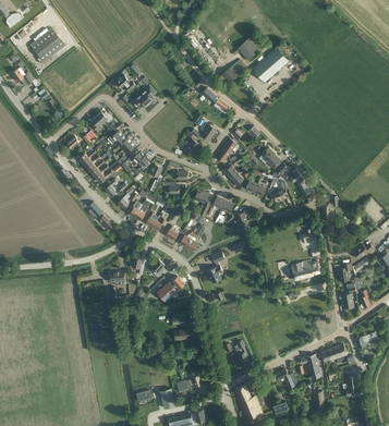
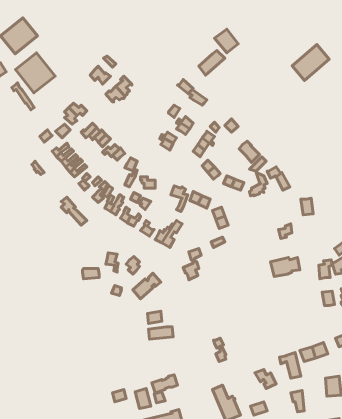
building: [252,47,288,82] -> [292,45,329,80]
building: none -> [15,53,55,93]

